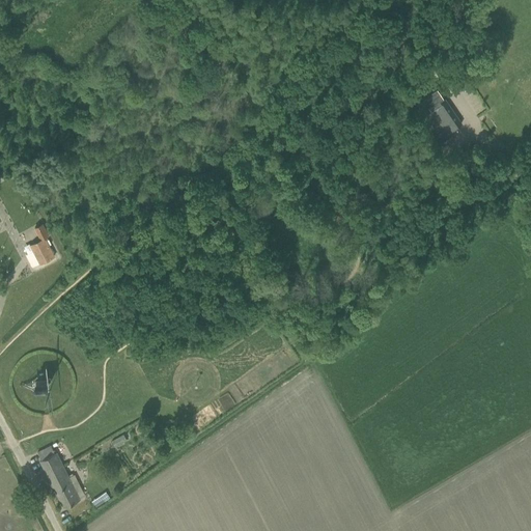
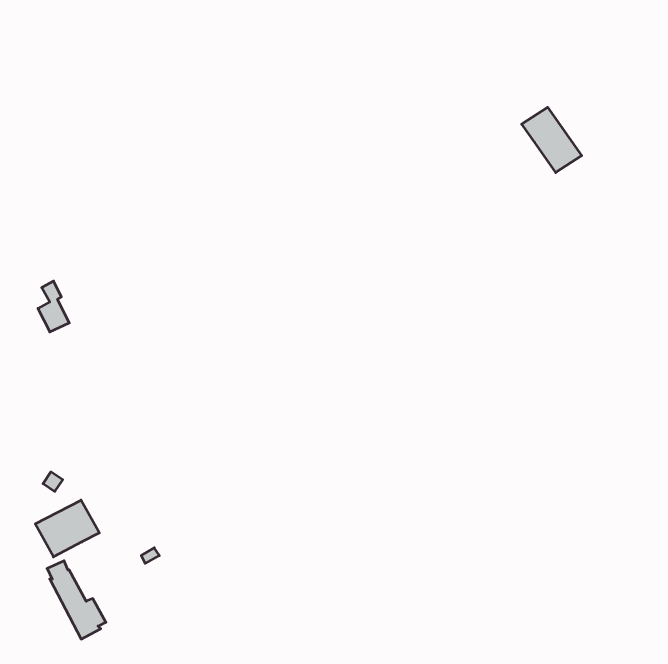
building: none -> [35,500,99,557]

